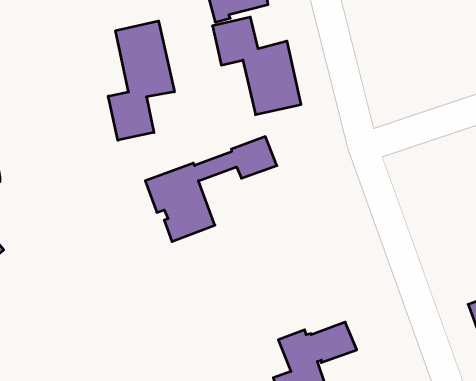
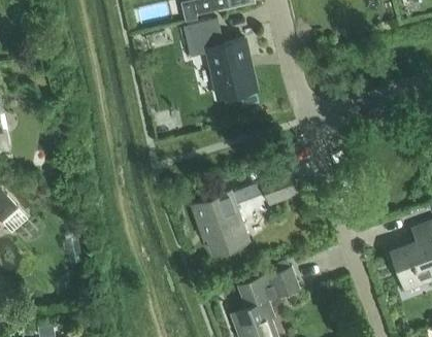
building: [108,21,174,140] -> none
building: [145,137,277,242] -> [191,168,298,254]

